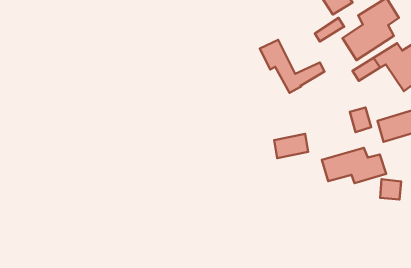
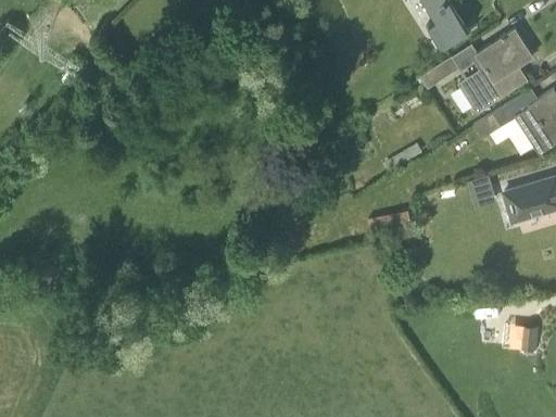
building: [260,40,324,93] -> none
building: [322,148,386,183] -> none
building: [380,179,401,200] -> [510,323,539,350]

